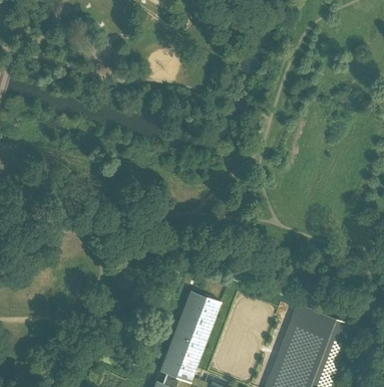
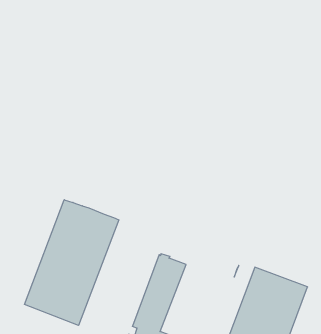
building: none -> [24,200,119,325]

